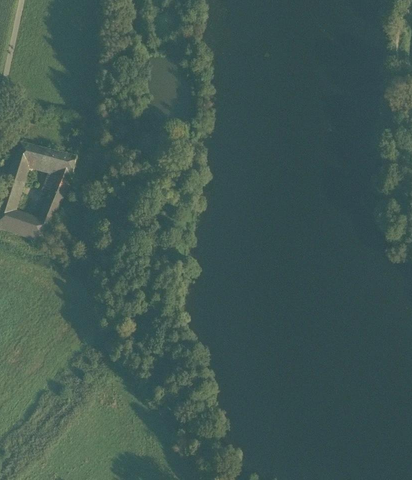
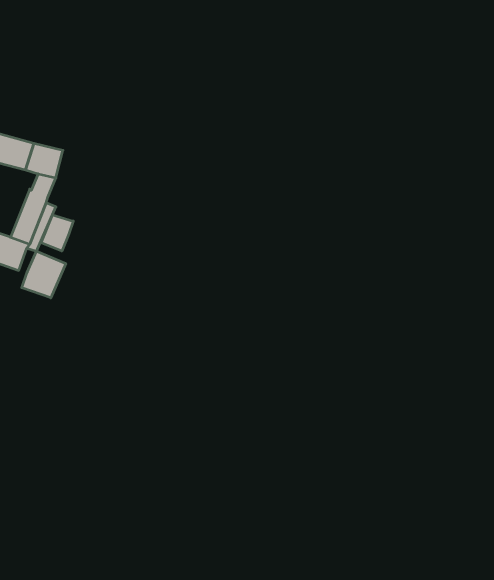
building: none -> [41,215,73,251]
building: none -> [22,251,66,298]

